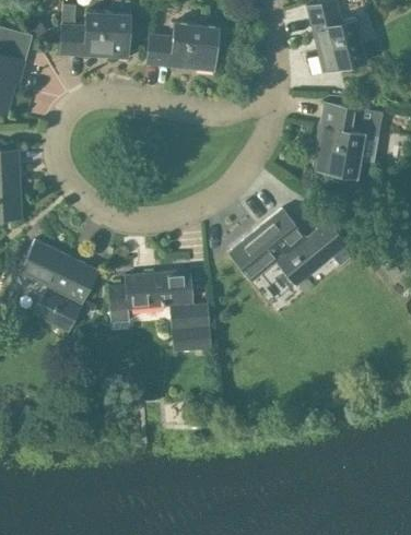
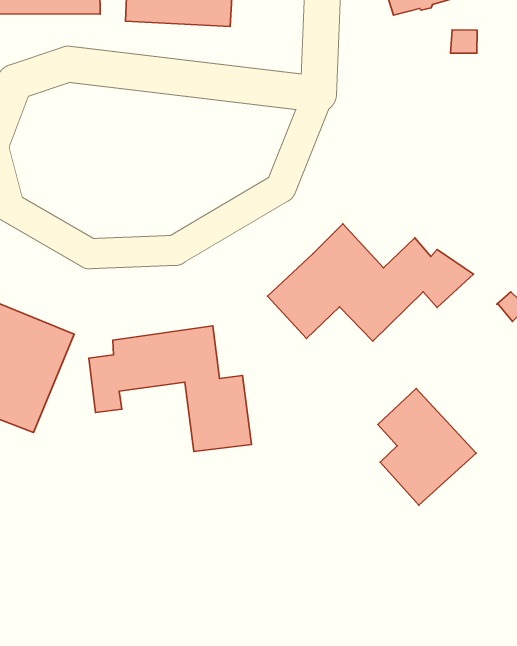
building: [312,102,384,178] -> none
building: none -> [378,389,476,505]

